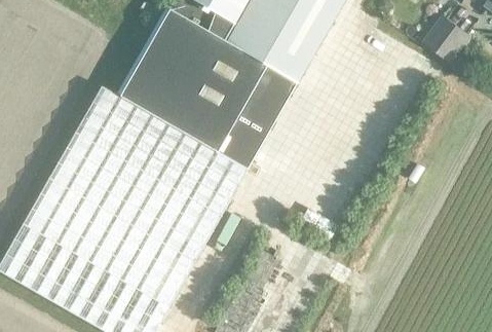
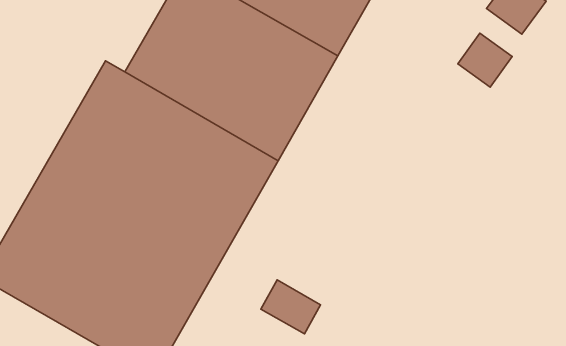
building: none -> [458,33,512,87]
building: none -> [261,280,321,334]

